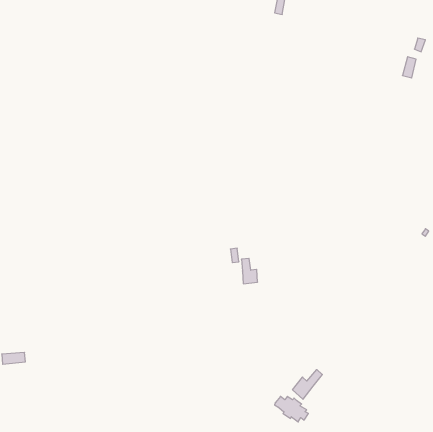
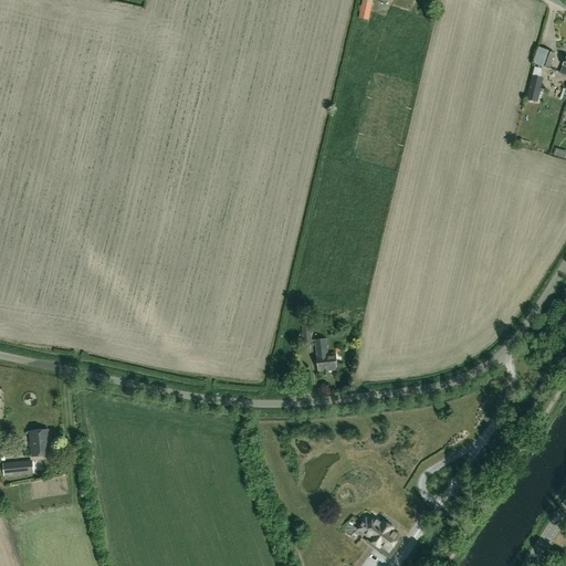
building: none -> [29,429,50,454]
building: [293,370,322,399] -> none

